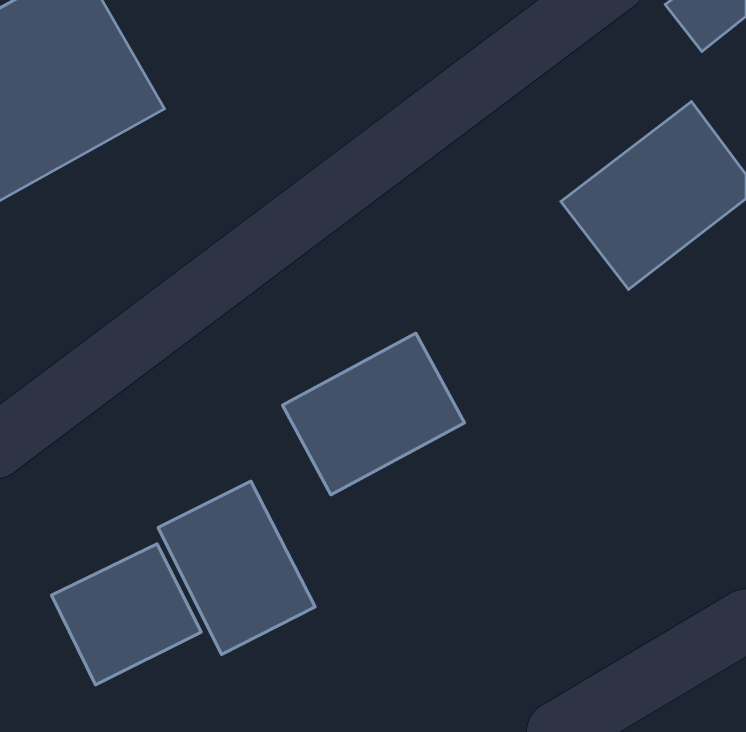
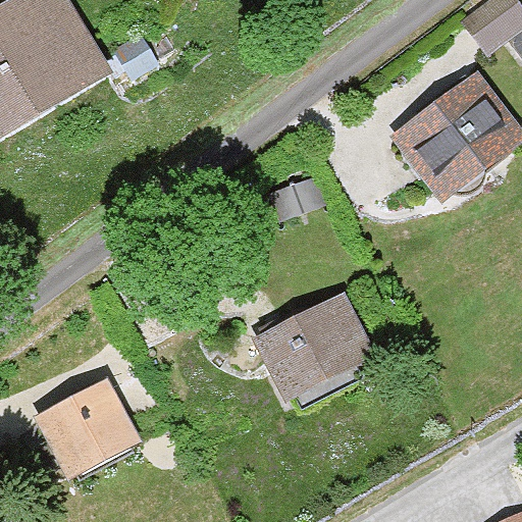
building: [282,333,464,495] -> [250,290,376,402]
building: [158,481,315,654] -> none

